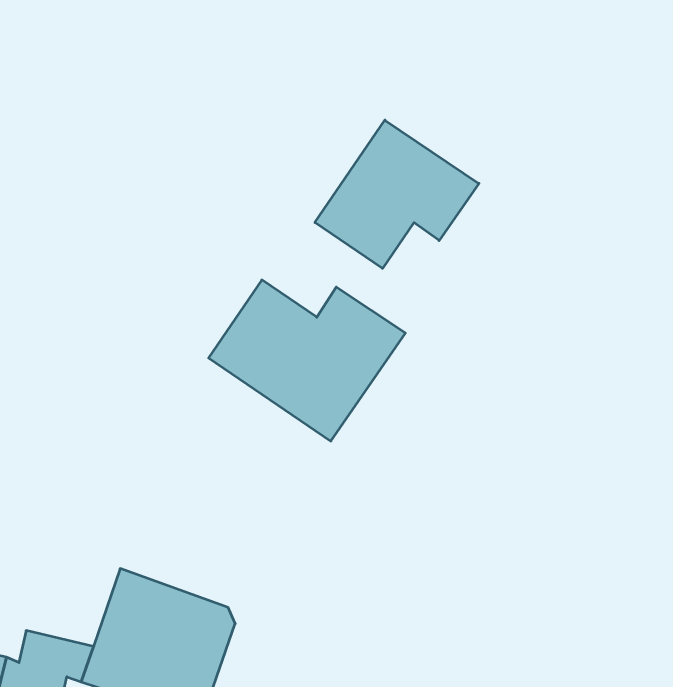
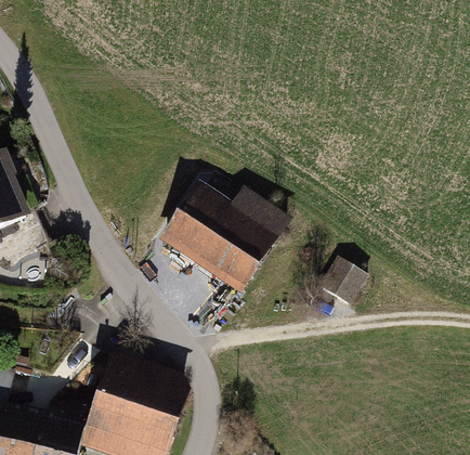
building: [315,120,479,268] -> none
building: none -> [319,259,367,304]

